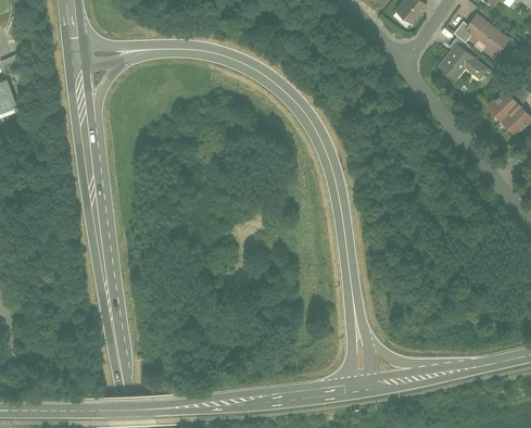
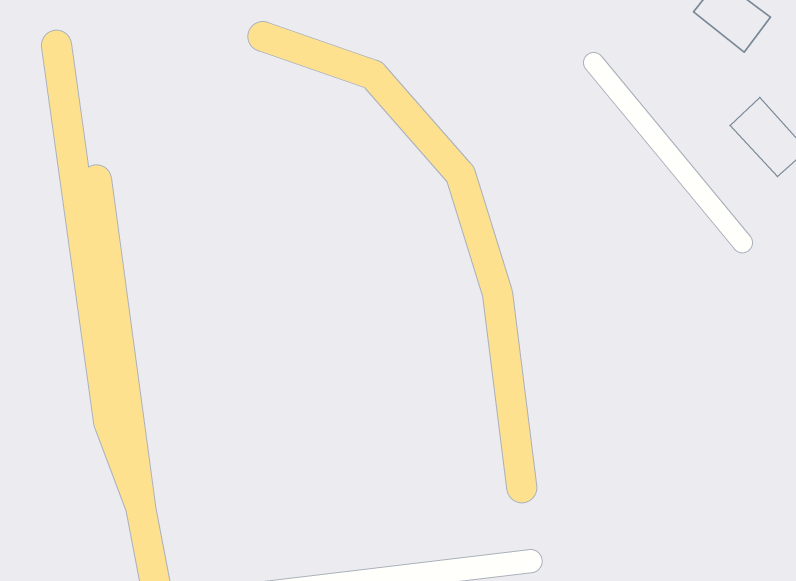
building: [435,40,489,80] -> none

